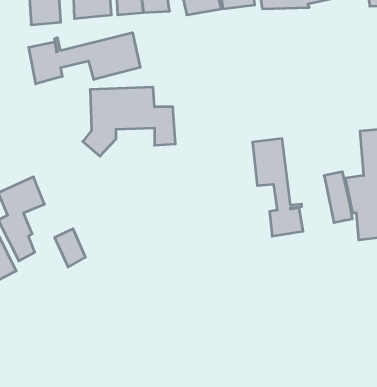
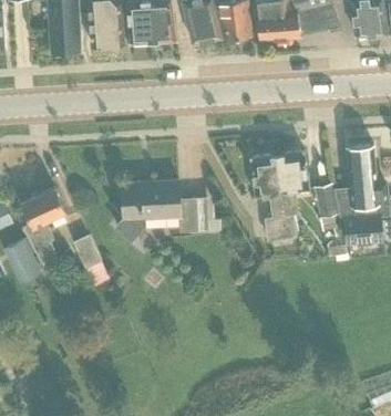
building: [29,33,140,84] -> none
building: [83,87,175,156] -> [115,179,198,241]
building: none -> [277,149,309,214]

